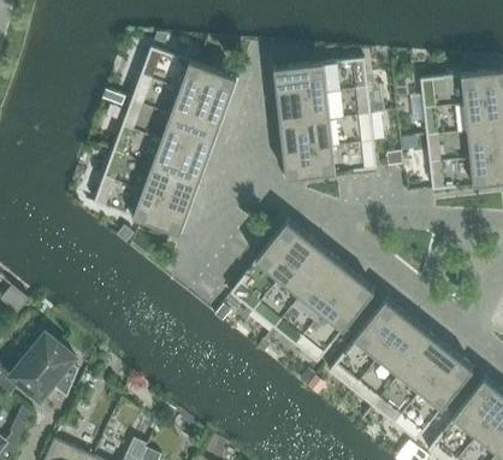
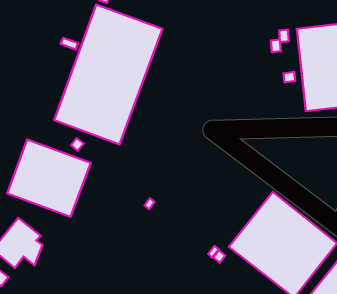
building: [272,59,377,181] -> none
building: [230,220,375,364] -> none
building: none -> [7,140,91,217]

